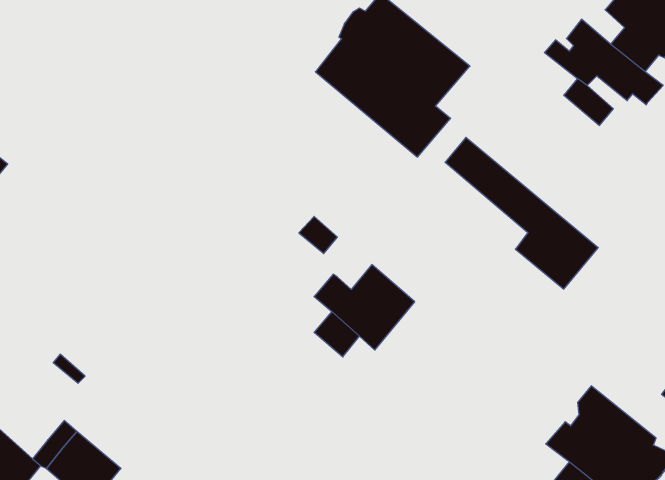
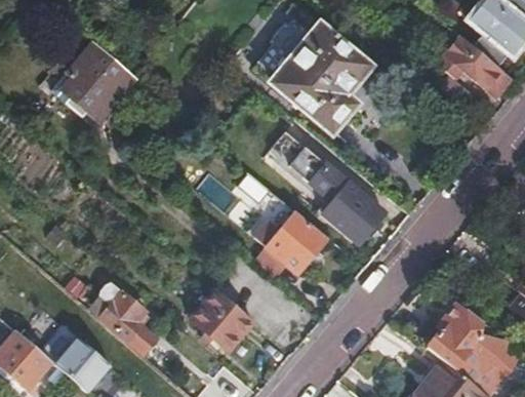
building: none -> [63,43,136,124]
building: [445,137,598,289] -> [272,131,386,244]
building: none -> [98,282,145,343]
building: none -> [193,291,253,351]

